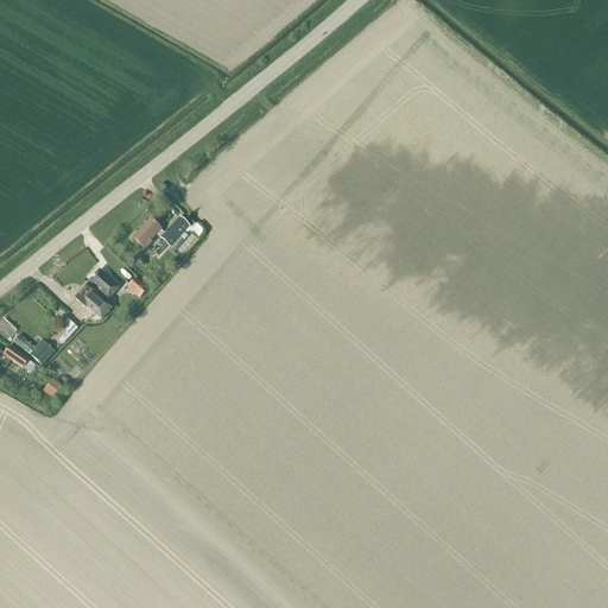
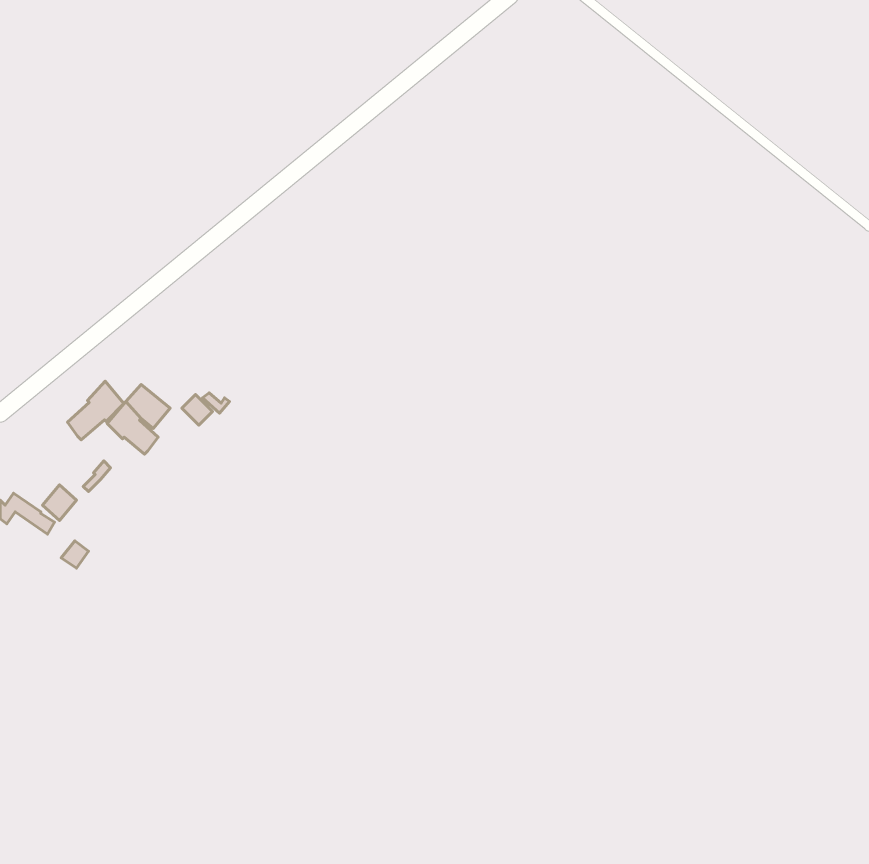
building: [132,216,190,248] -> none
building: none -> [68,381,124,440]

